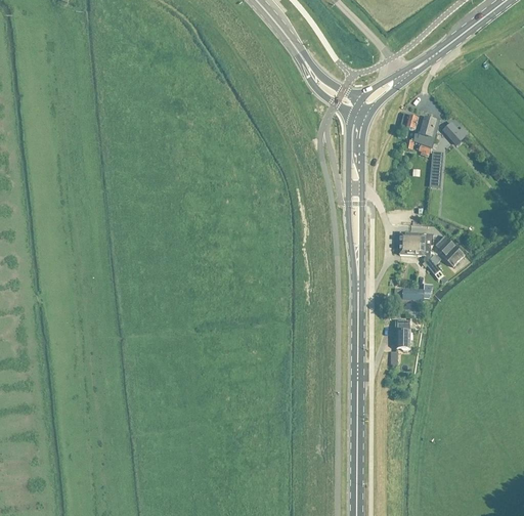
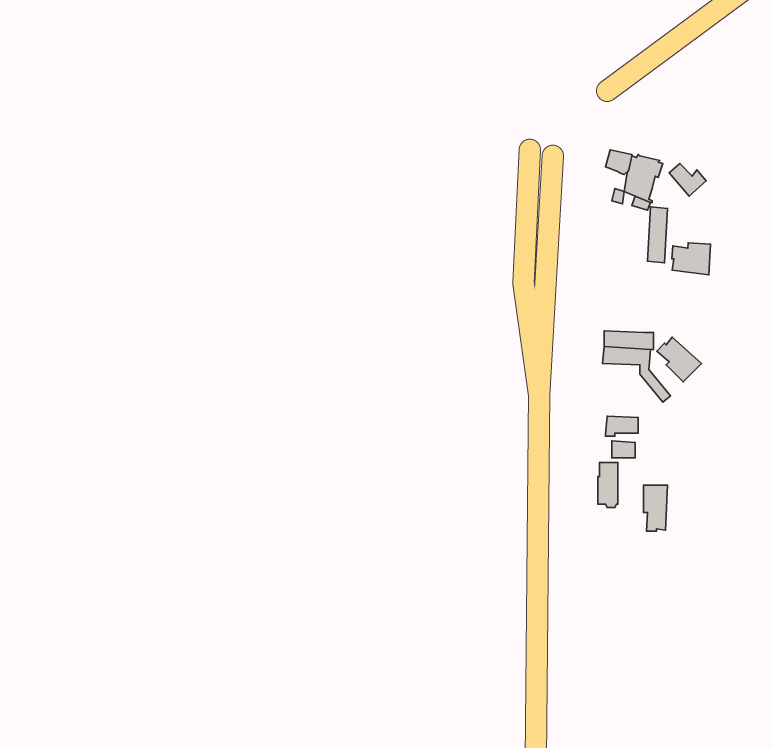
building: none -> [672,243,710,275]
building: none -> [644,485,668,531]

